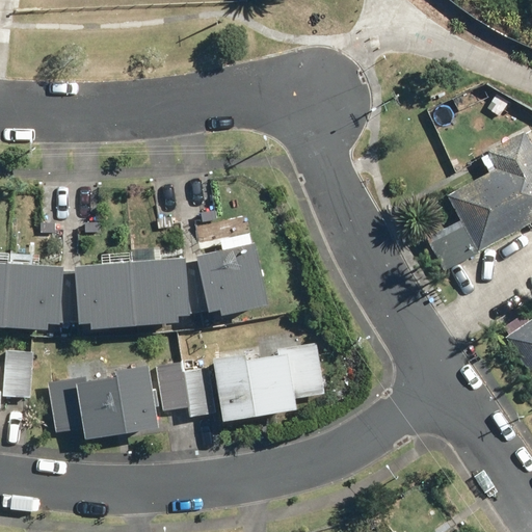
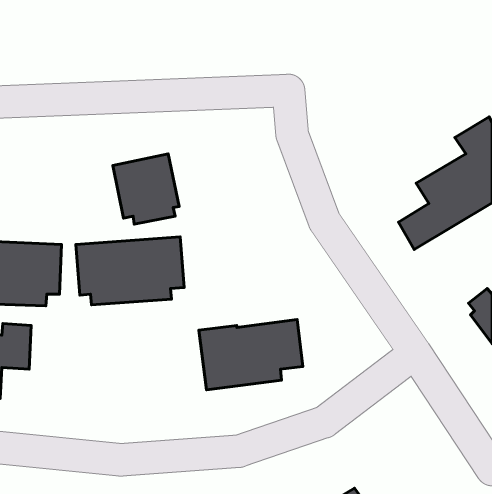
building: [202,241,272,316] -> [113,154,179,224]
building: [48,360,219,441] -> none

